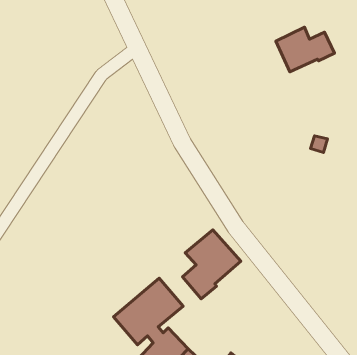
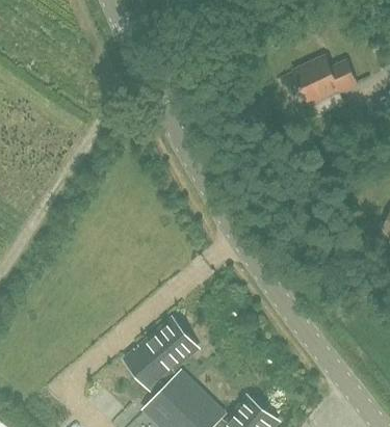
building: [182,230,241,299] -> none

